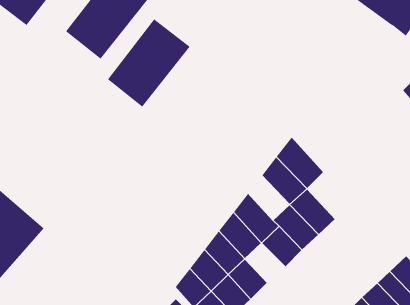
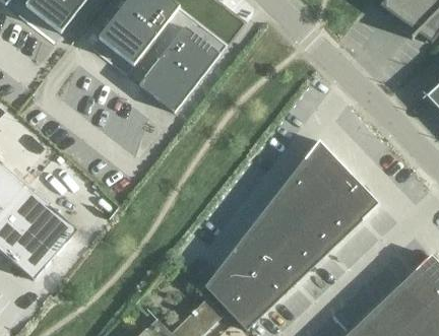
building: none -> [334,175,379,220]
building: none -> [276,178,317,221]
building: none -> [273,244,313,282]

